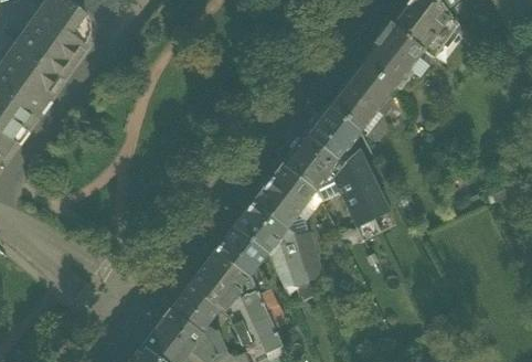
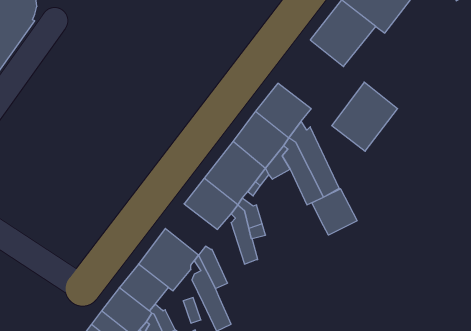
building: [327,64,392,132] -> [332,82,398,151]
building: none -> [312,189,357,235]
building: [215,226,267,277] -> none

